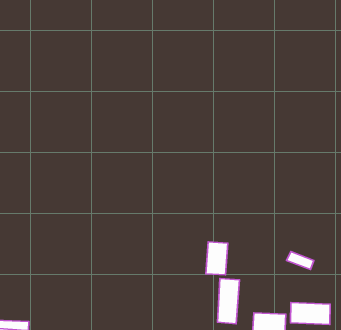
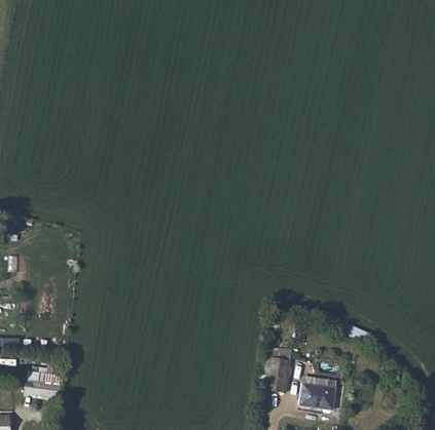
building: [206,242,228,275] -> none
building: [290,303,330,324] -> none

